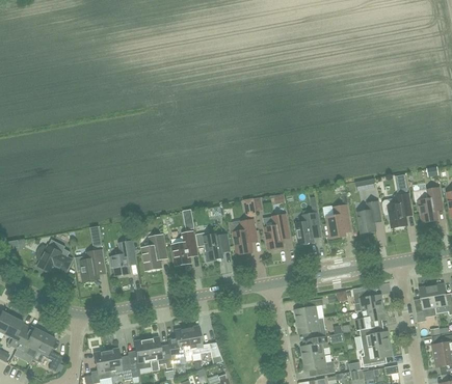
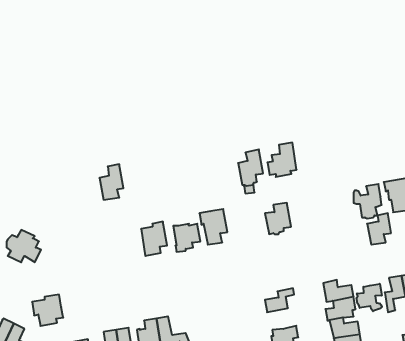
building: [357,201,381,232] -> [367,213,391,245]
building: [322,204,351,239] -> [267,143,297,177]
building: [265,214,290,250] -> [238,149,263,186]
building: [142,235,166,270] -> [99,164,123,200]
building: [109,241,137,276] -> none
building: [75,250,106,281] -> [32,295,63,326]
building: none -> [357,284,382,311]
building: [297,318,326,338] -> none

